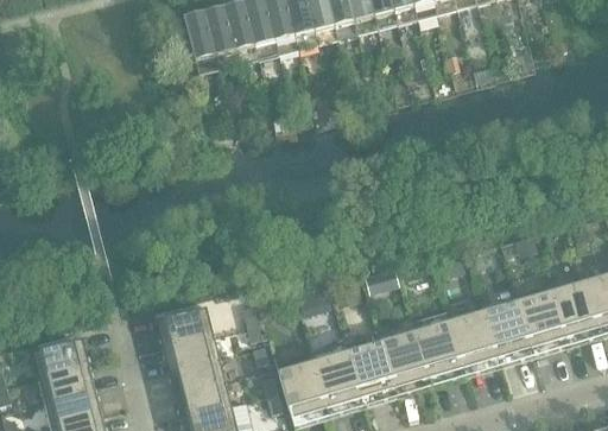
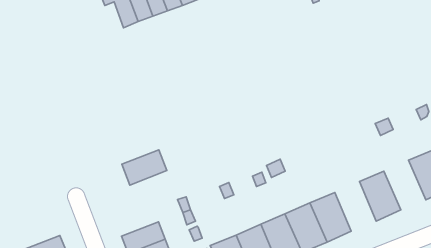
building: [517,289,568,353] -> none
building: [154,302,213,343] -> [122,150,167,185]
building: [449,309,499,373] -> none

